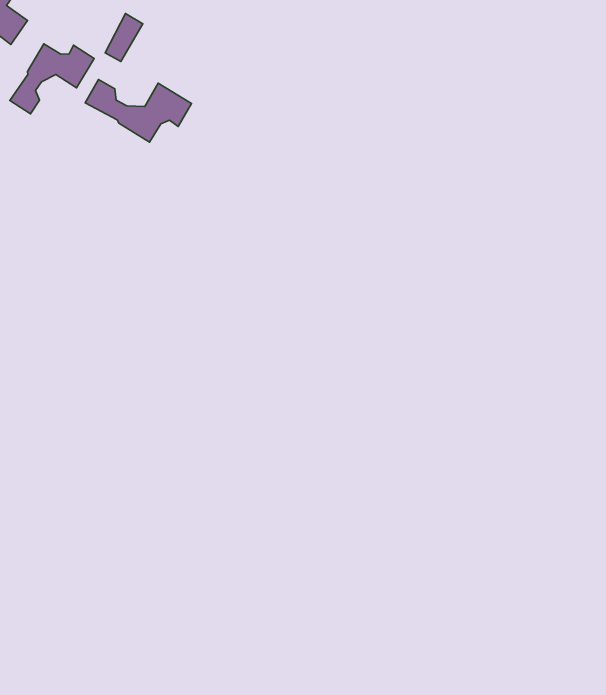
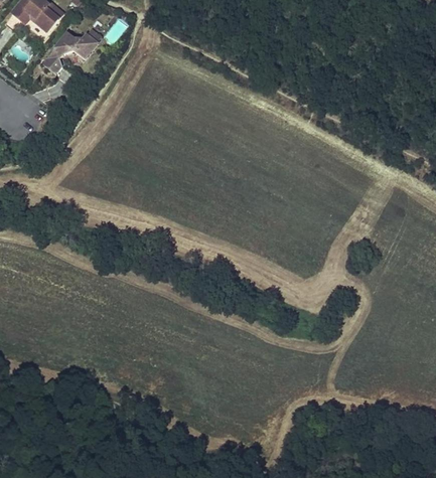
building: [85,80,191,142] -> none

